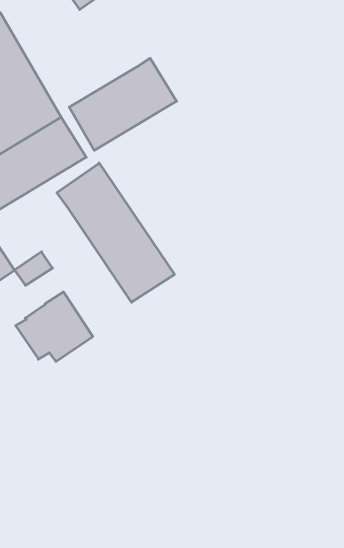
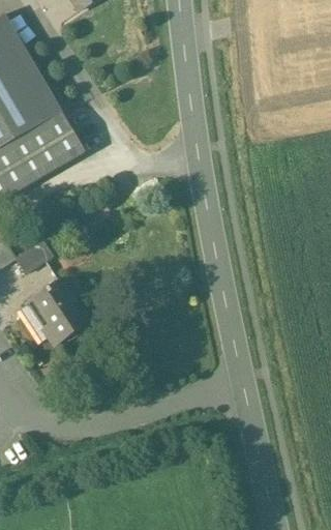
building: [69,58,177,150] -> none
building: [57,163,174,302] -> none

